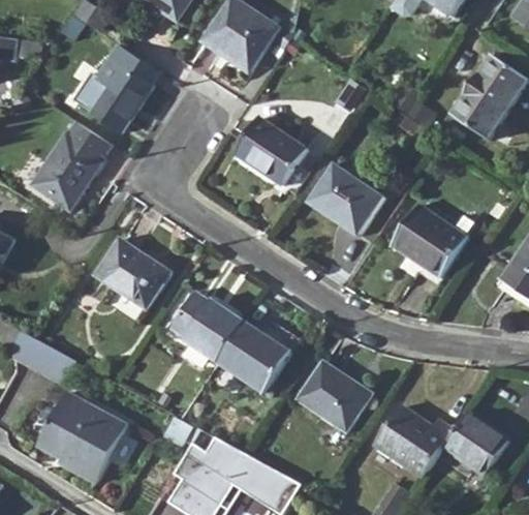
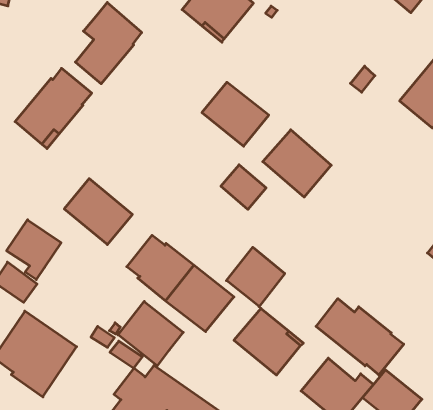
building: [390,202,467,276] -> none
building: none -> [221,165,266,209]
building: none -> [7,220,61,280]
building: none -> [226,247,285,307]
building: none -> [316,299,404,375]
building: none -> [118,301,183,366]

